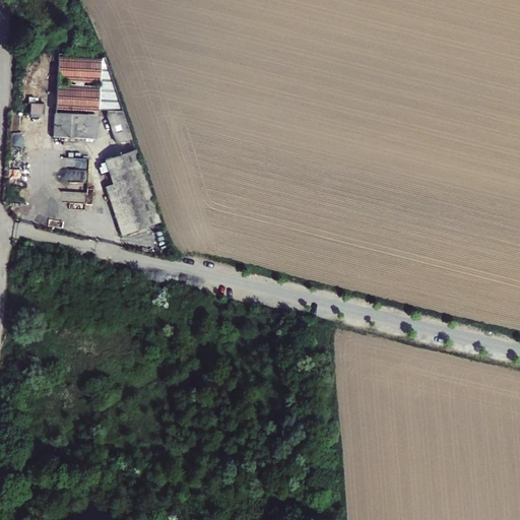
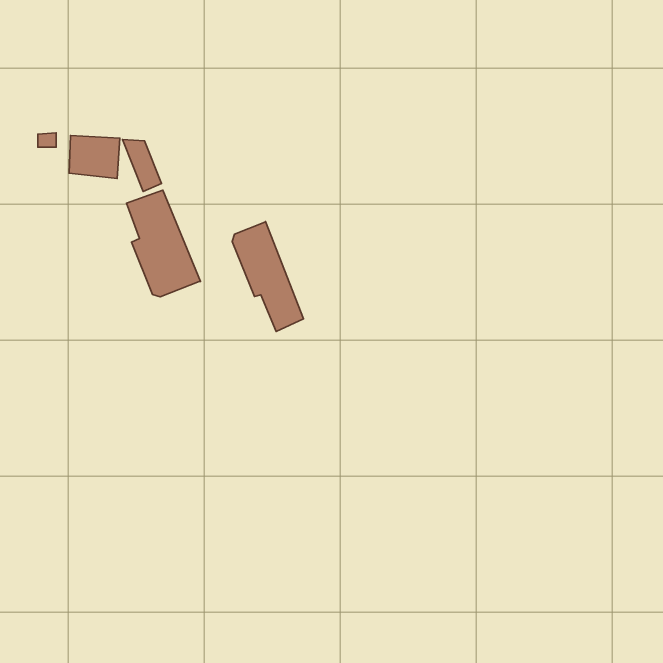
building: [58,56,100,109] -> none
building: none -> [232,221,304,331]

